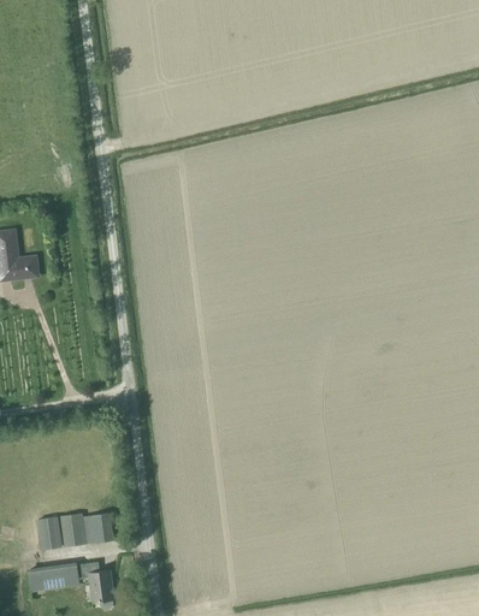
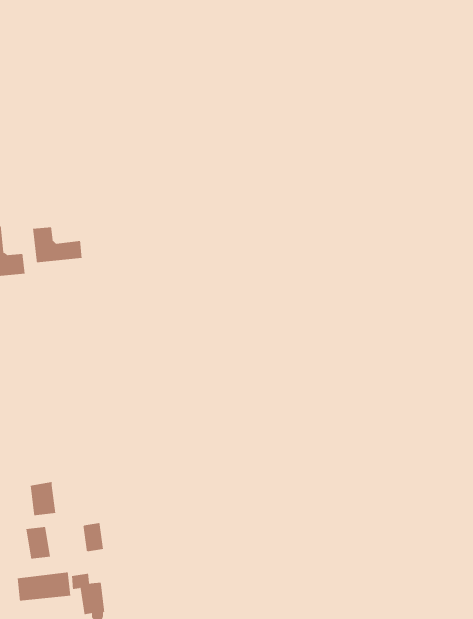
building: none -> [33,227,82,263]
building: [60,514,85,546] -> [30,482,56,516]

